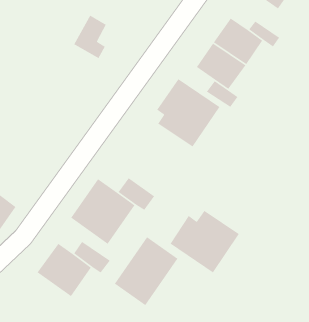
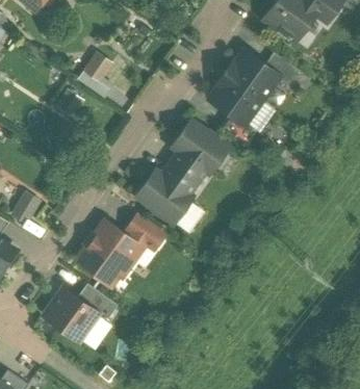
building: none -> [10,187,42,222]
building: [170,210,240,273] -> [131,162,205,229]
building: [114,236,179,306] -> none

